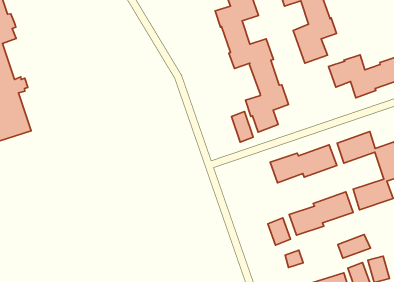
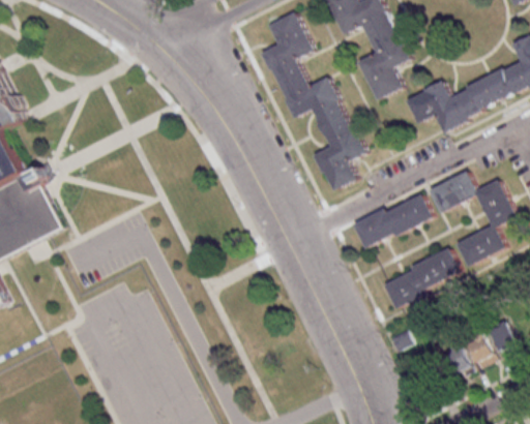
building: [231,112,253,142] -> none
building: [268,218,291,245] -> none
building: [338,235,370,258] -> none

